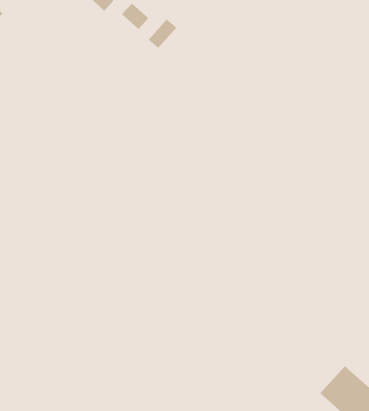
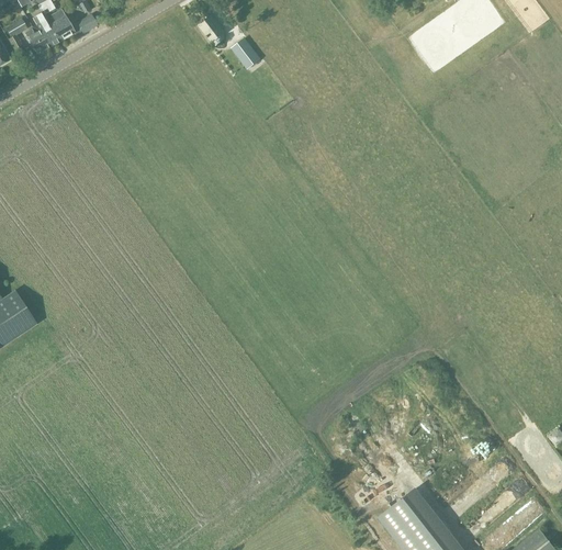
building: [148,19,177,49] -> none

